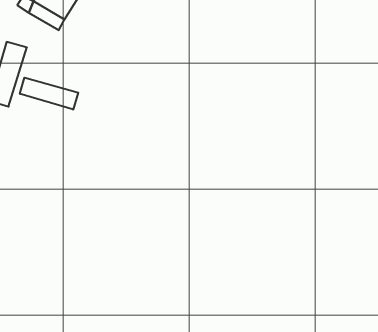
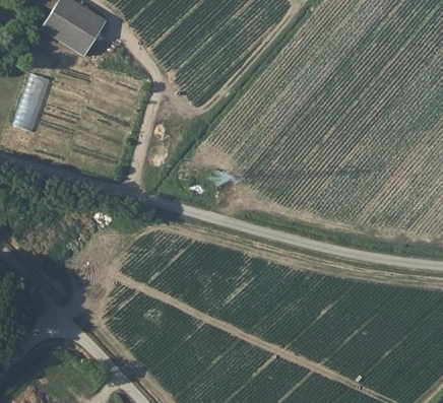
building: [20,78,78,110] -> none

